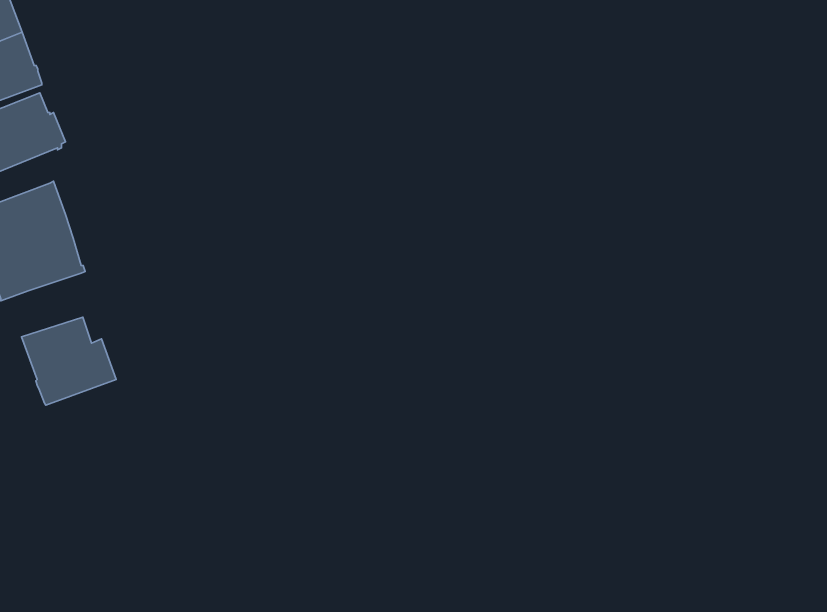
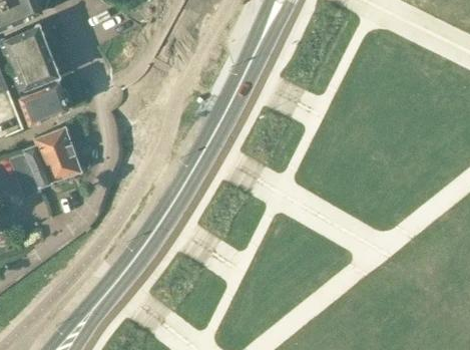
building: [21,317,116,405] -> none

